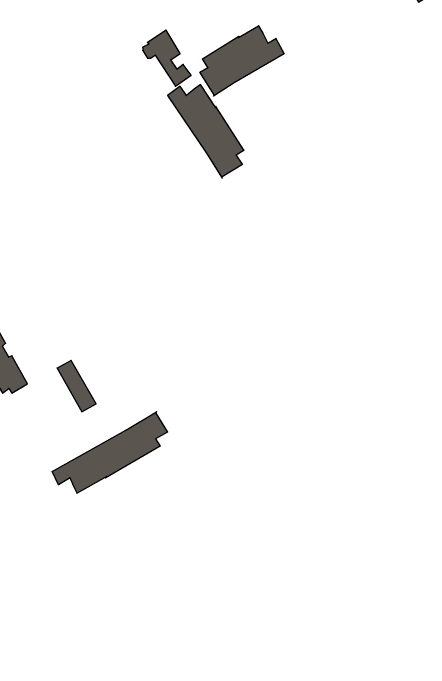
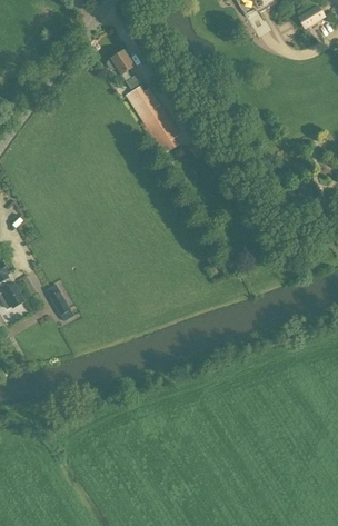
building: [200,26,284,96] -> none
building: [52,412,168,493] -> none

